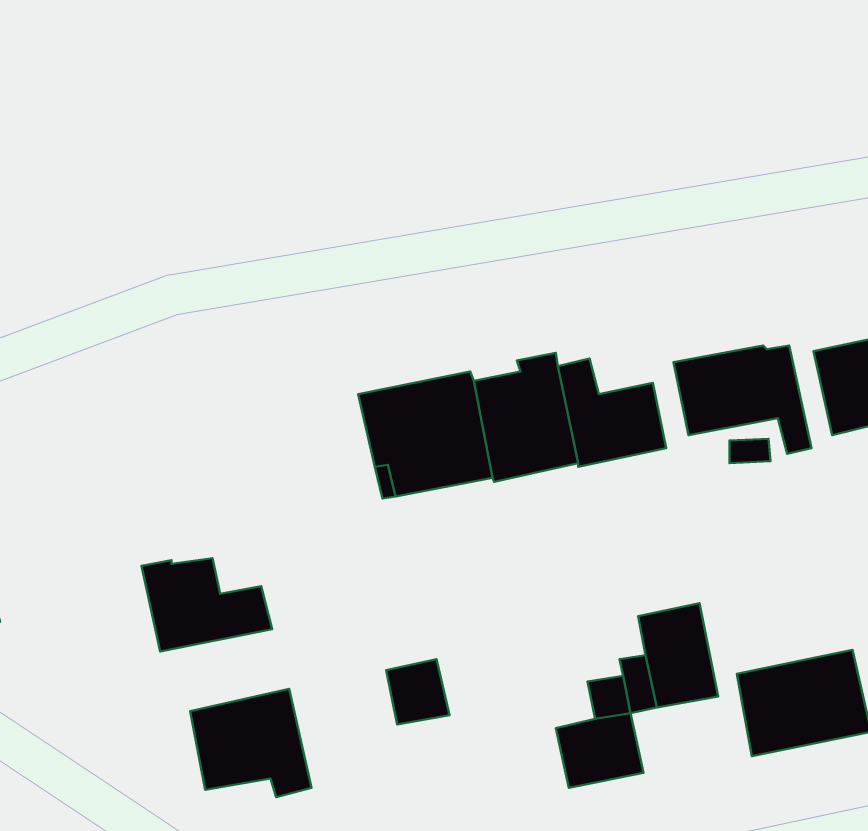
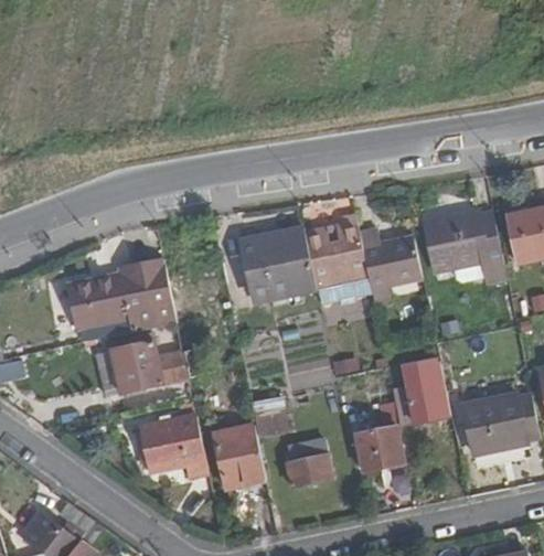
building: none -> [67,265,177,330]
building: none -> [214,425,266,485]
building: none -> [286,439,331,487]

